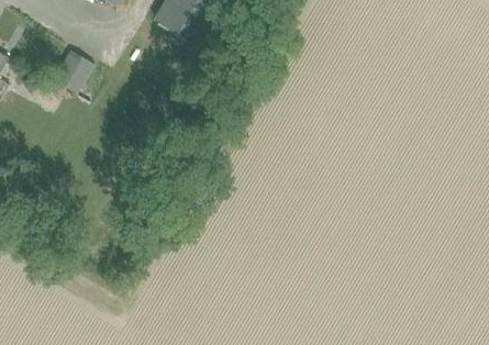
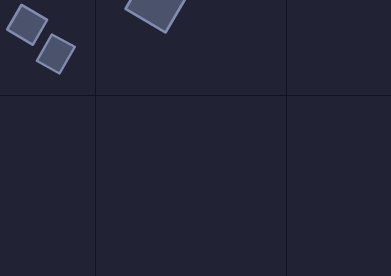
building: none -> [7,5,47,45]

